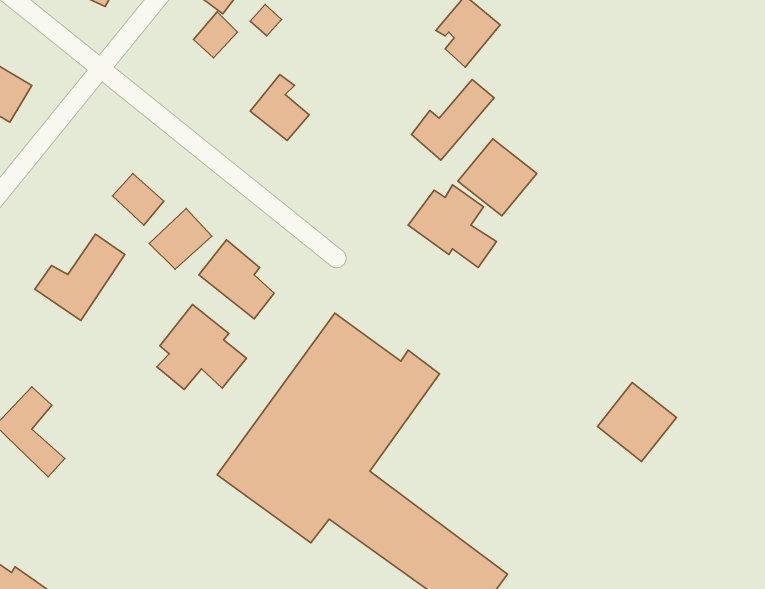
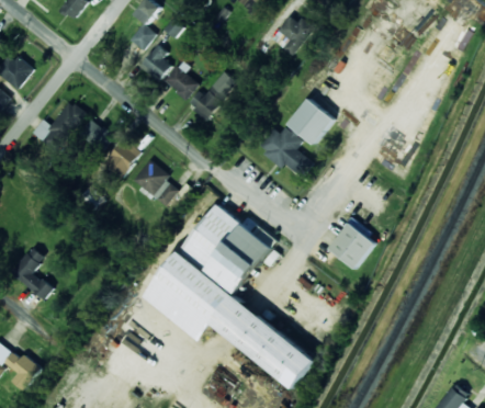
building: none -> [139,45,171,81]
building: [411,79,494,160] -> [188,71,237,120]
building: [35,234,125,320] -> [32,101,86,152]
building: [157,305,246,390] -> none
building: [597,382,676,461] -> [329,222,376,269]

